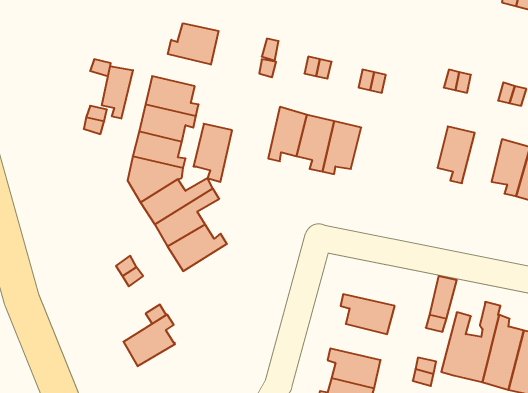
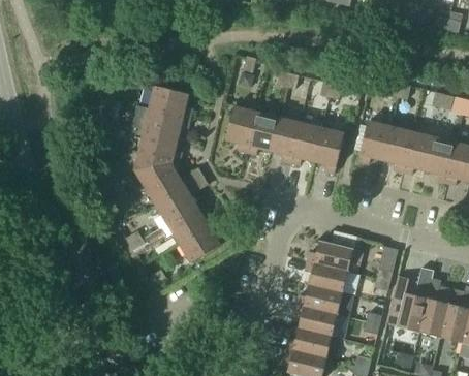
building: [168,23,219,65] -> none
building: [102,66,133,119] -> none
building: none -> [357,121,390,163]
building: [193,124,232,182] -> [225,105,256,152]
building: none -> [313,127,344,173]
building: none -> [402,131,434,174]
building: none -> [307,240,364,270]
building: [123,315,175,366] -> [179,220,220,261]
building: none -> [296,284,342,313]

